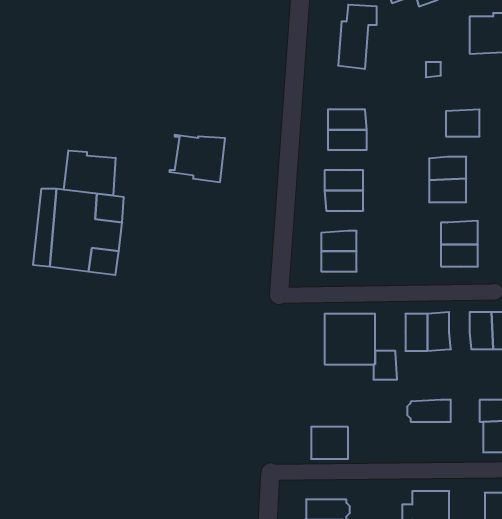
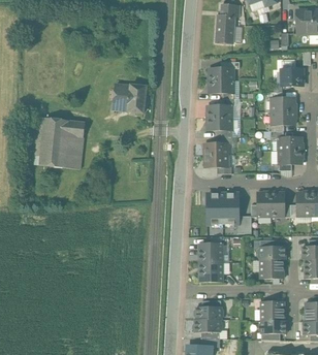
building: [64,150,116,195] -> none
building: none -> [199,243,222,262]
building: none -> [260,259,283,279]

